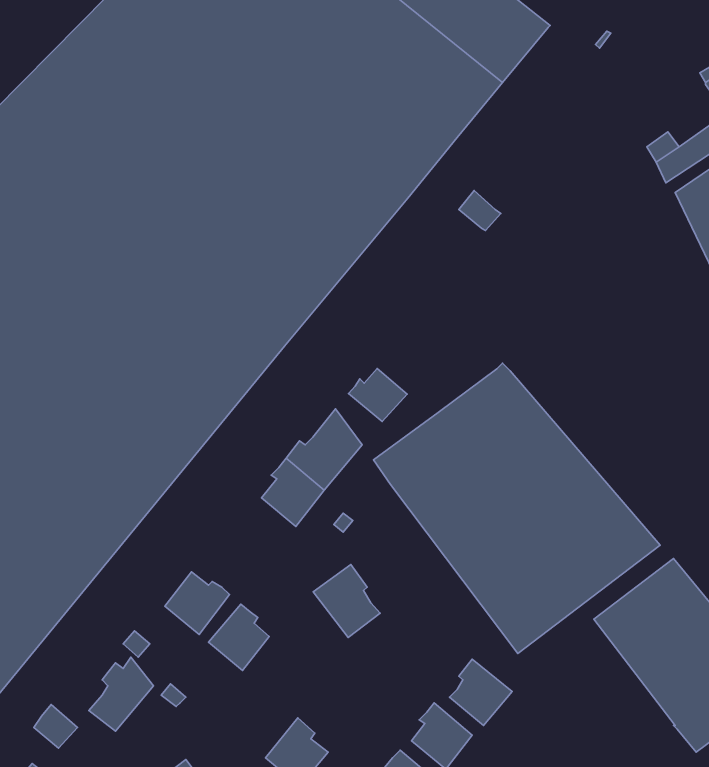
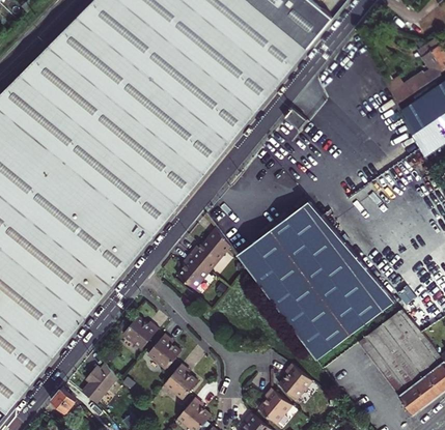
building: [349,369,407,422] -> none
building: [313,564,380,638] -> none
building: none -> [165,362,198,398]

